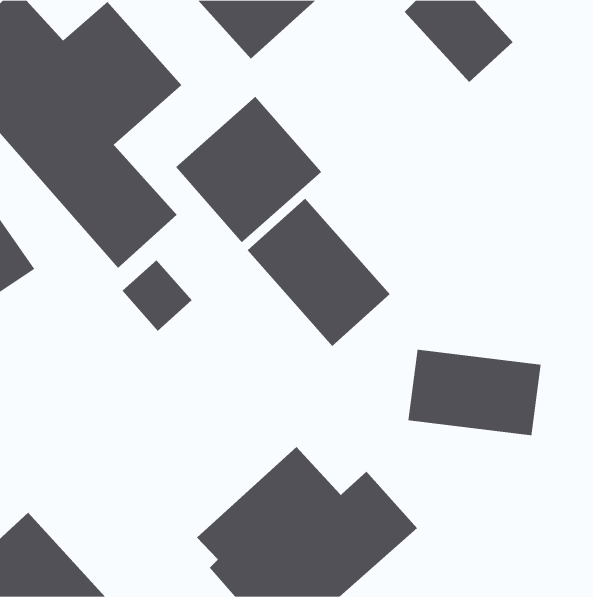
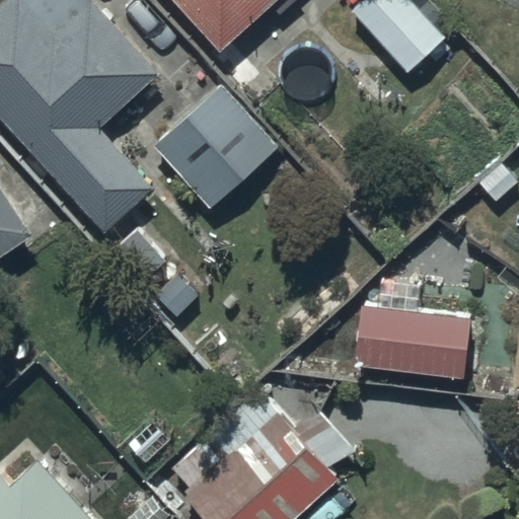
building: [247,198,390,347] -> none

